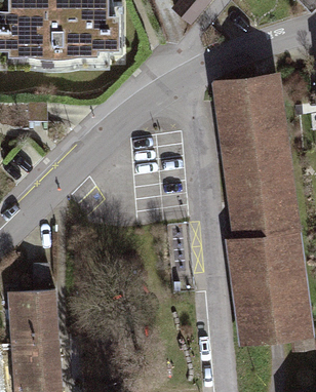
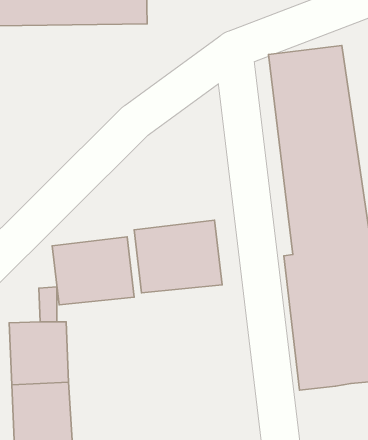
building: none -> [134,220,222,293]
building: none -> [52,237,134,305]

